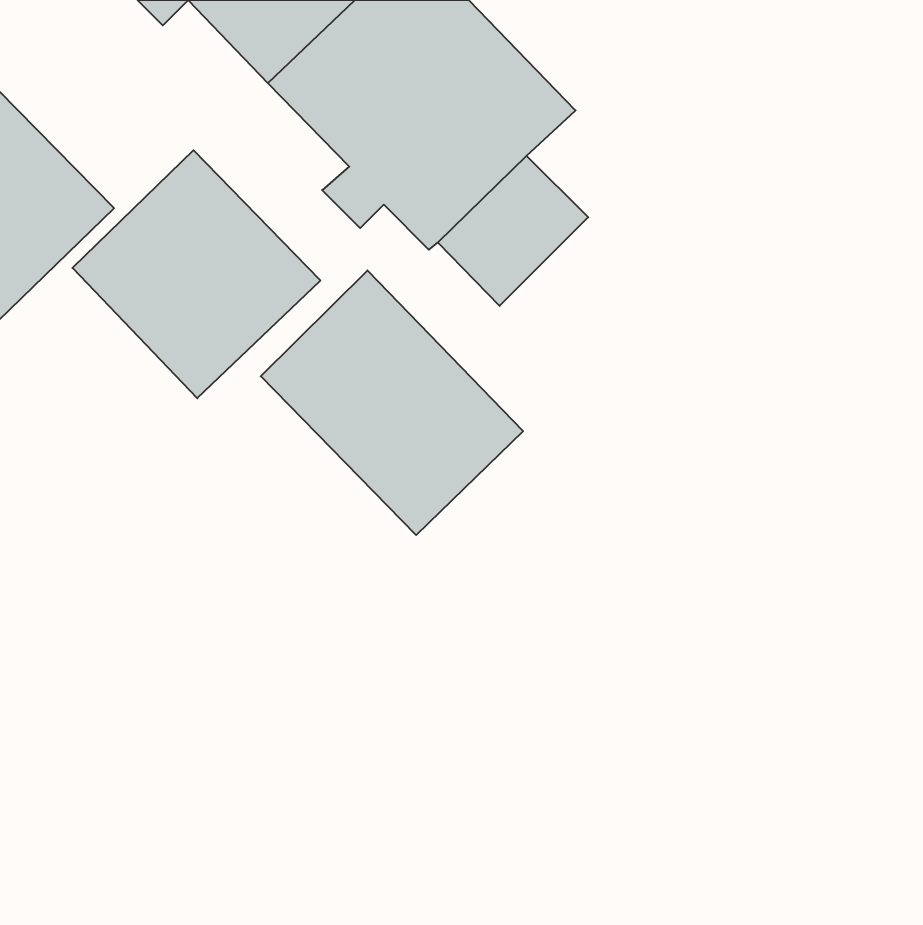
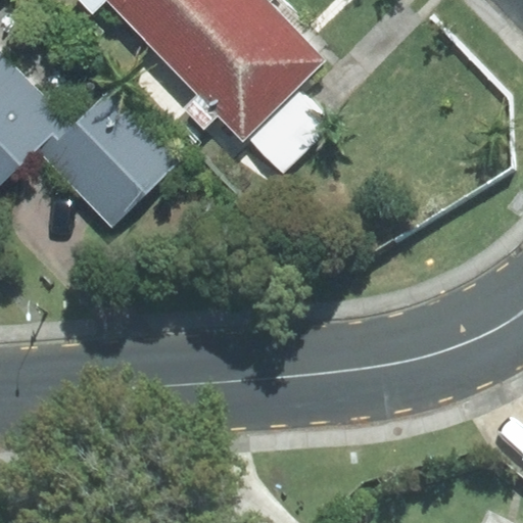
building: [261,270,523,535] -> none

